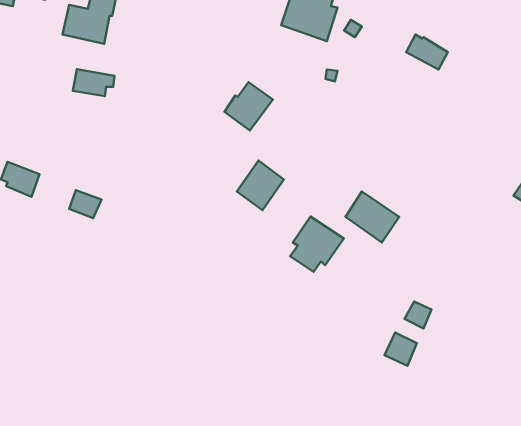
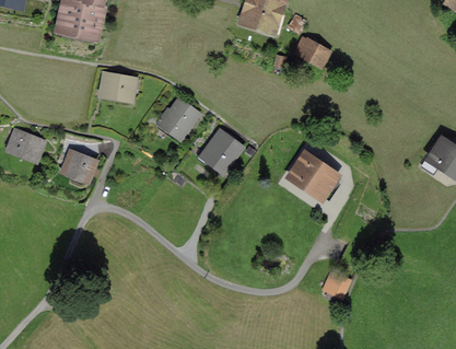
building: [406,35,448,69] -> [294,37,328,66]
building: [73,69,114,96] -> [103,77,137,98]
building: [224,82,273,131] -> [159,100,198,139]
building: [290,217,344,272] -> none

